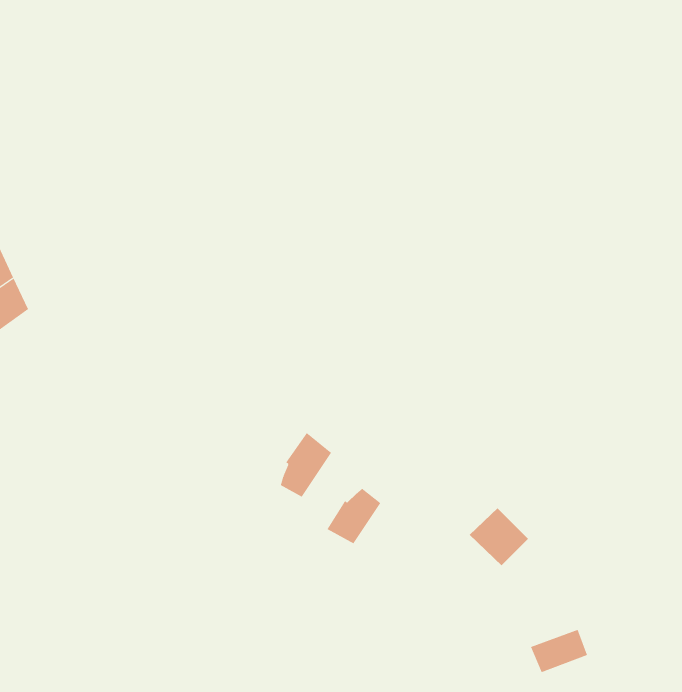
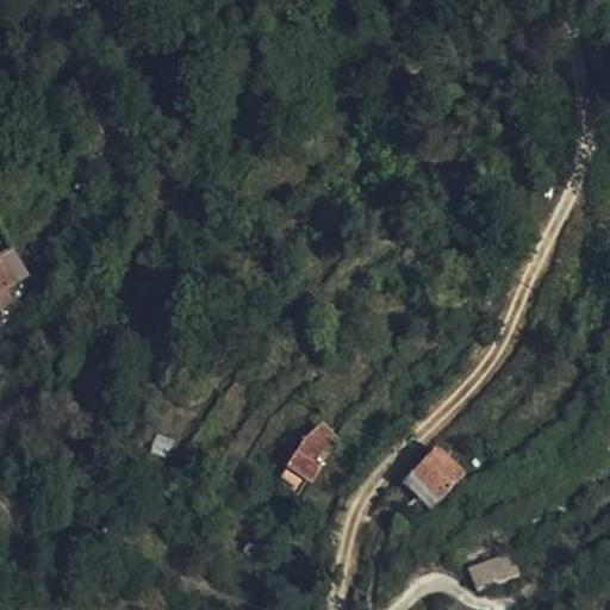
building: [280,432,332,497] -> none

